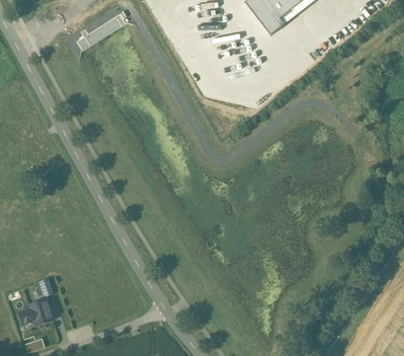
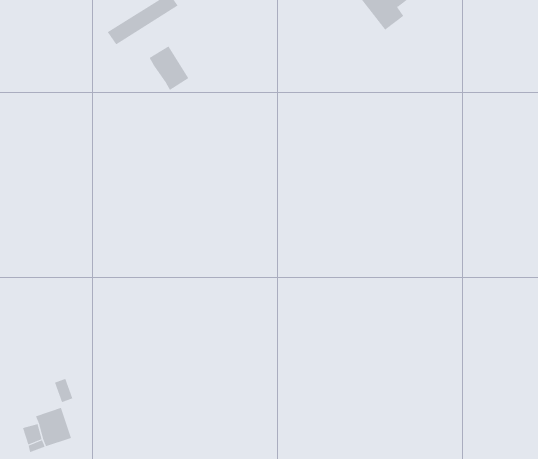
building: none -> [149,45,189,91]

